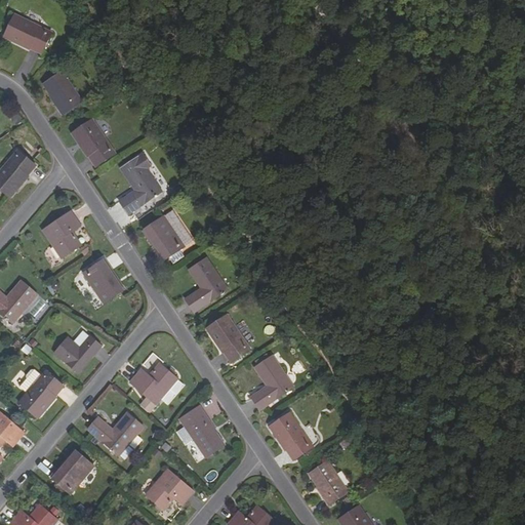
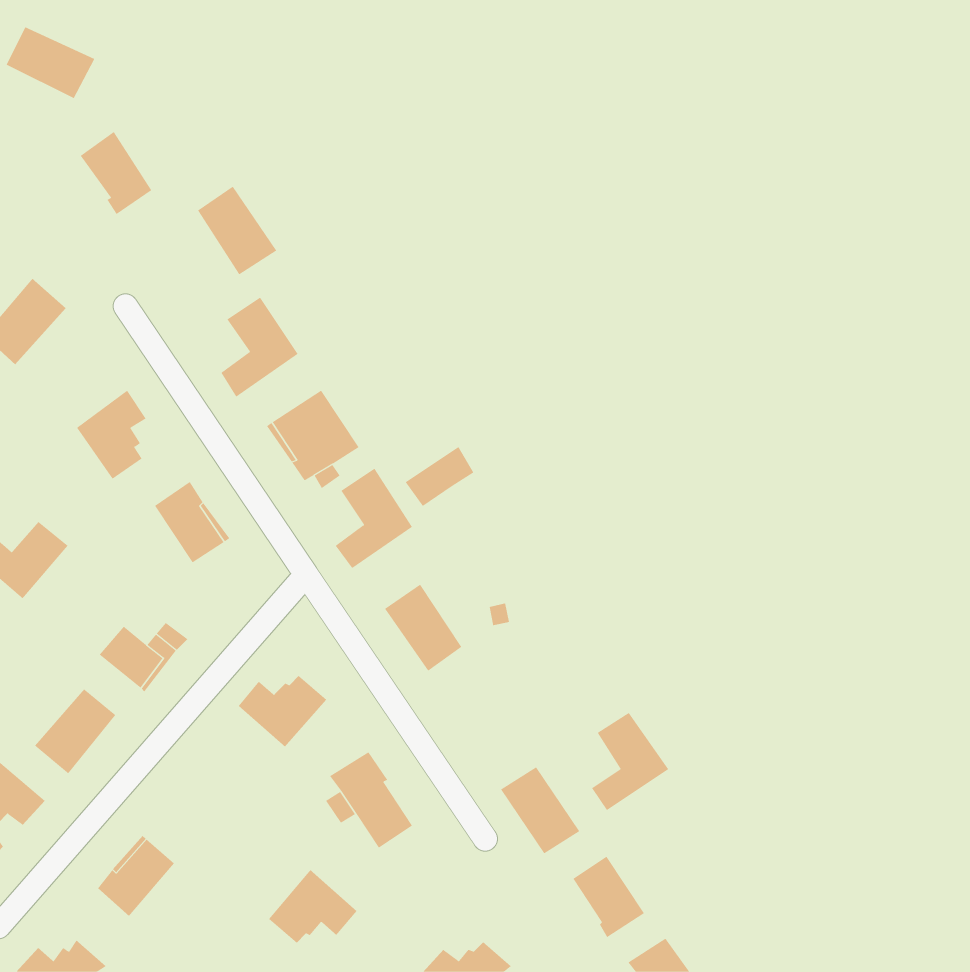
building: [74,120,117,168] -> [197,186,277,275]
building: none -> [405,446,474,507]
building: [251,357,293,410] -> [591,712,669,811]
building: [89,414,145,457] -> none

